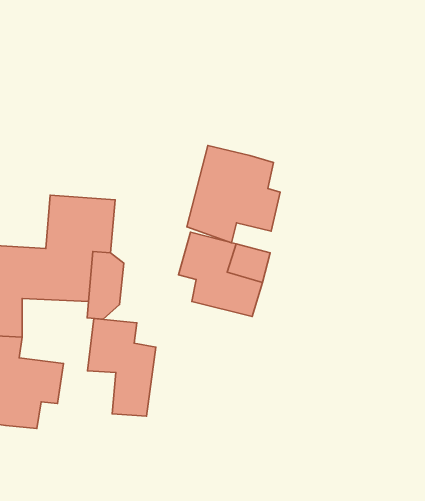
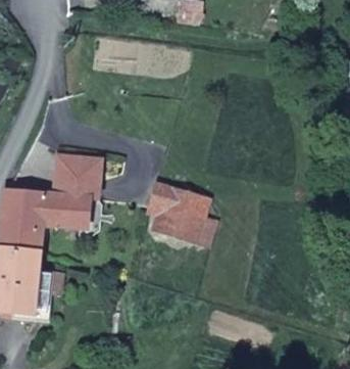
building: [187,146,280,243] -> none
building: [87,318,156,416] -> none

